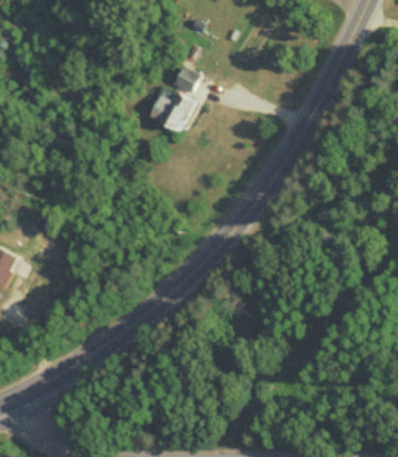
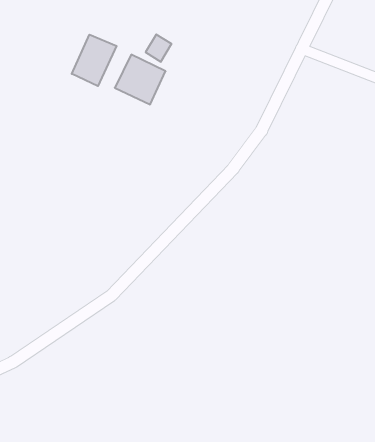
building: none -> [72,35,117,86]

